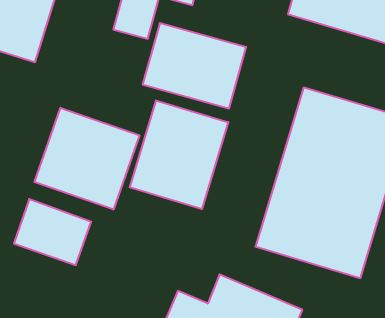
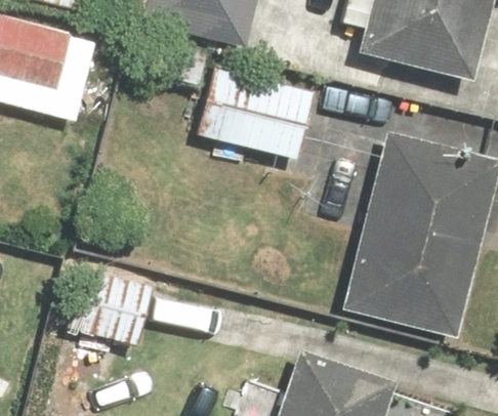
building: [130,100,228,209] -> none
building: [35,108,139,210] -> none

